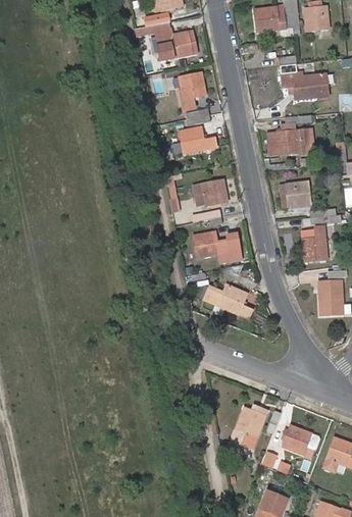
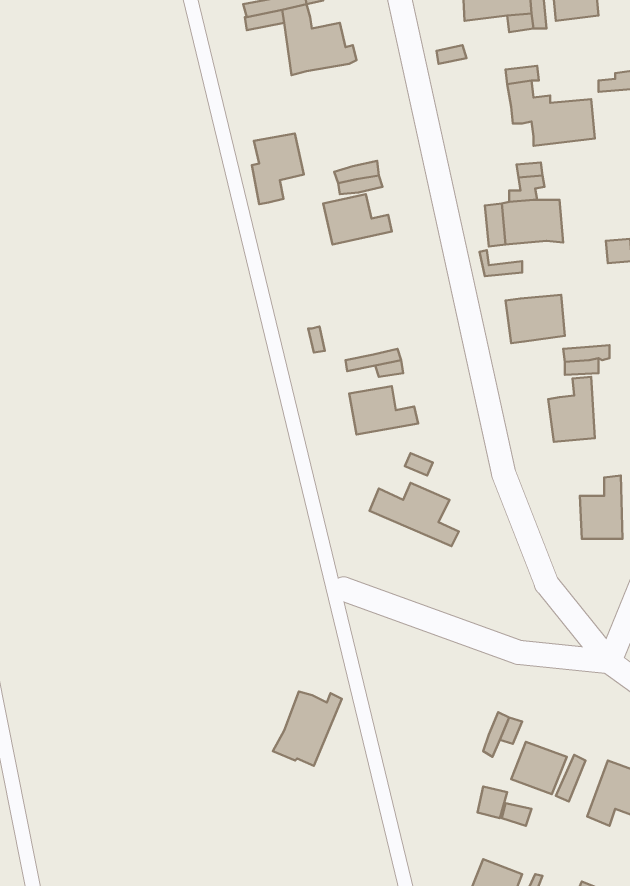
building: [178,72,206,111] -> [252,134,304,204]
building: [193,178,228,206] -> none
building: [230,407,267,448] -> [273,691,342,766]

